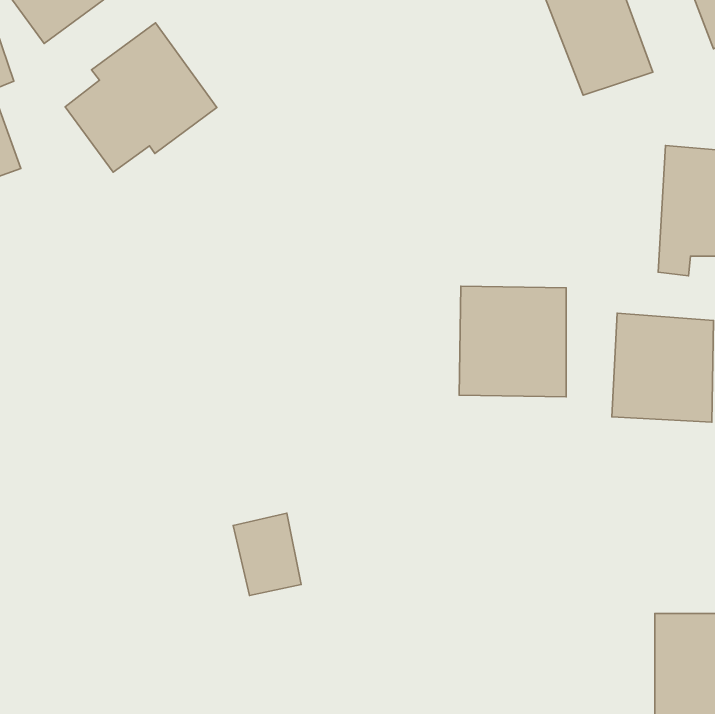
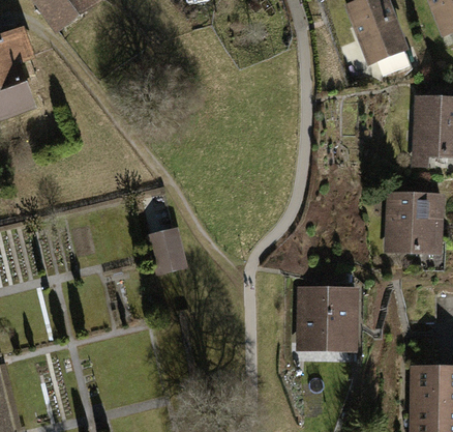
building: [65,23,217,172] -> none
building: [459,286,566,397] -> [297,286,359,350]
building: [233,513,301,595] -> [150,226,189,273]

